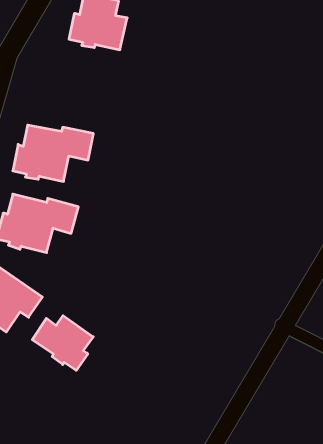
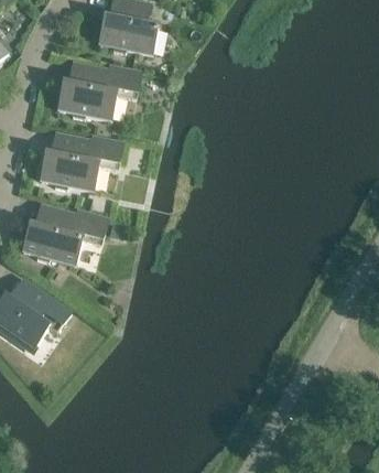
building: none -> [57,62,141,120]
building: [32,316,93,370] -> none

